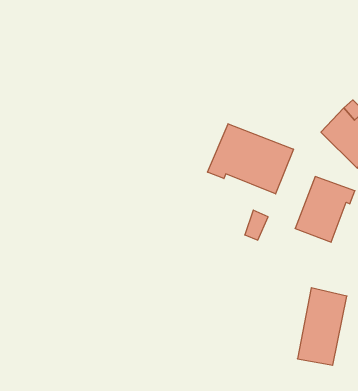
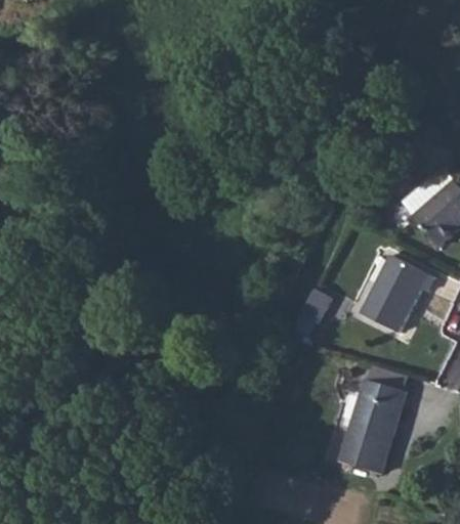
building: [208,124,293,194] -> none

